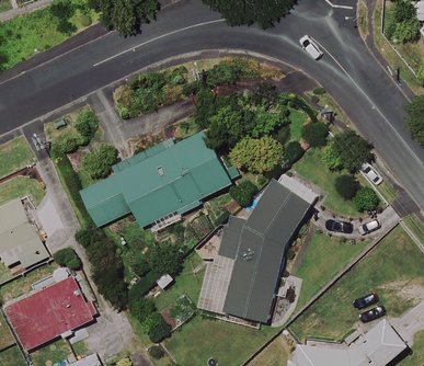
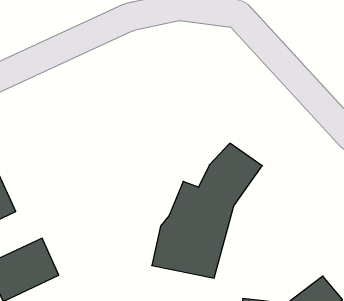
building: [79,128,233,227] -> none

